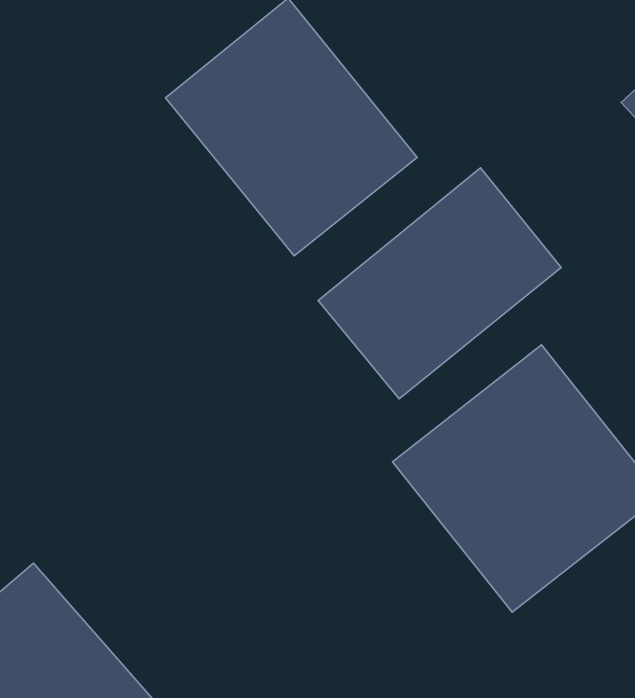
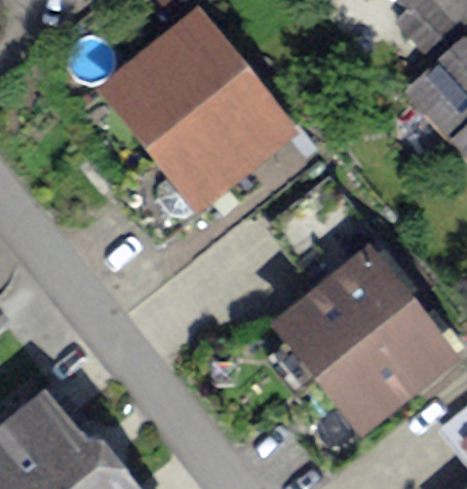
building: [318,168,561,399] -> none

